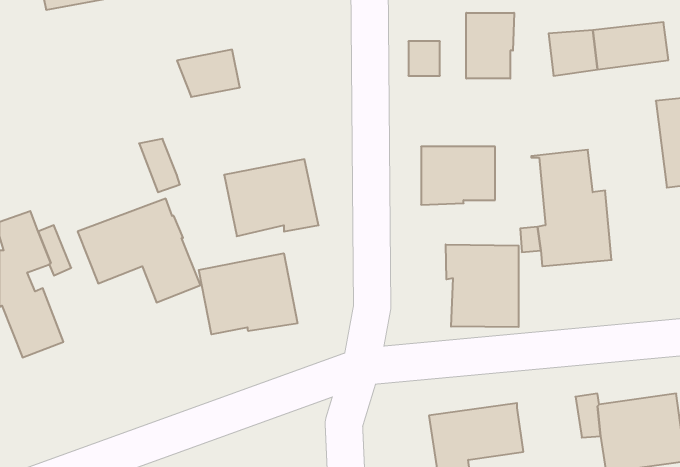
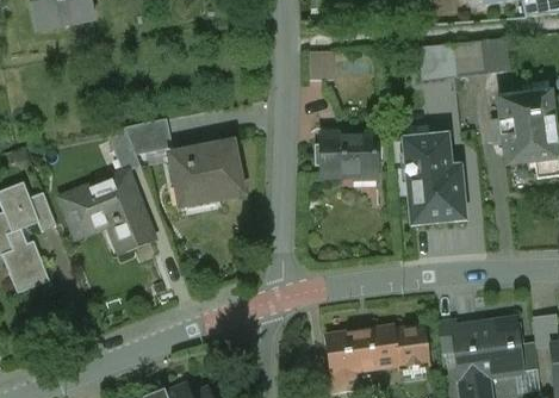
building: [466,13,514,79] -> none
building: [177,50,240,97] -> [125,118,173,154]
building: [446,244,519,327] -> none
building: [199,253,297,334] -> none
building: none -> [393,325,429,367]

